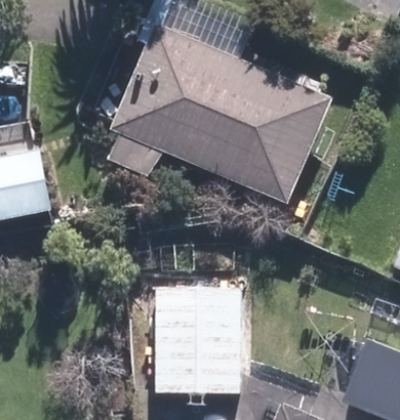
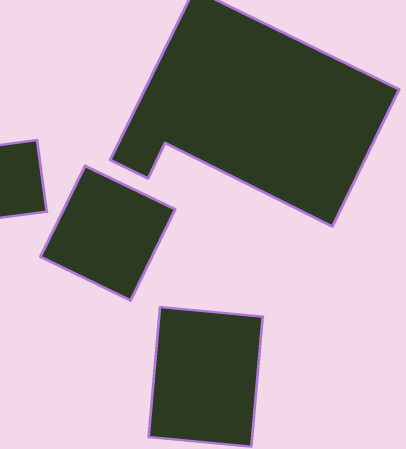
building: none -> [41,166,175,301]

